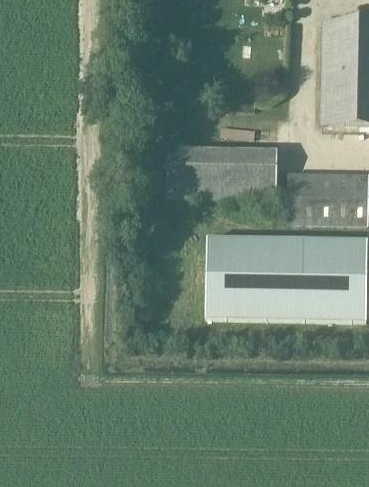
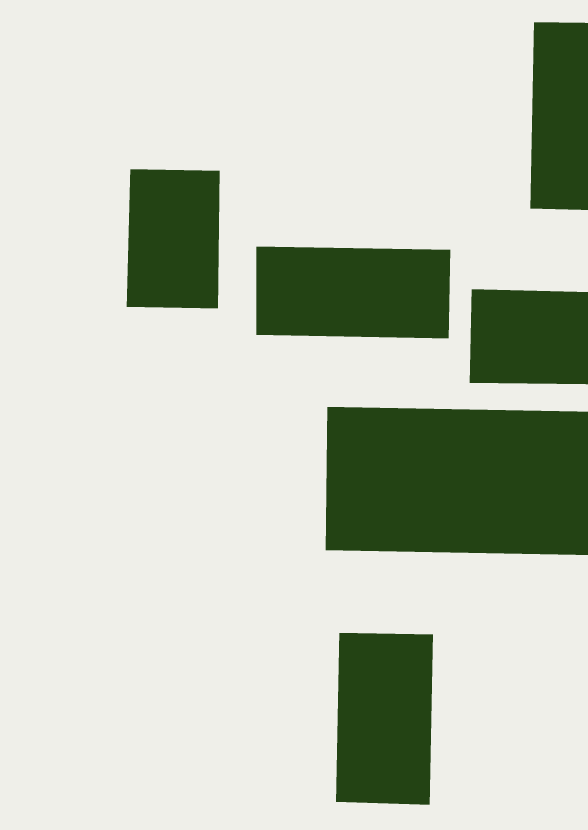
building: none -> [126,169,220,309]
building: none -> [336,632,434,806]

